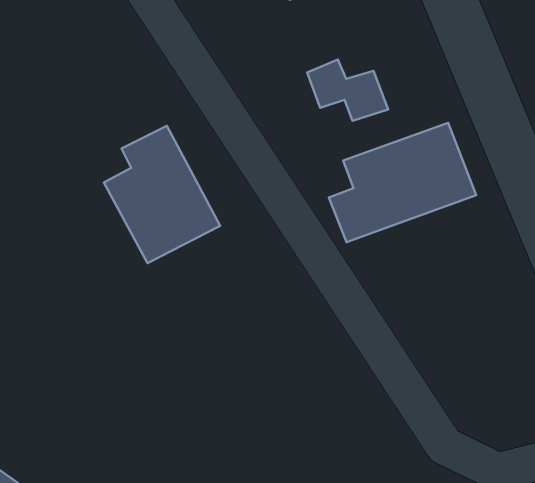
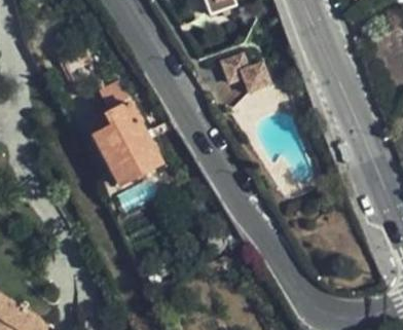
building: [329,123,476,242] -> none

